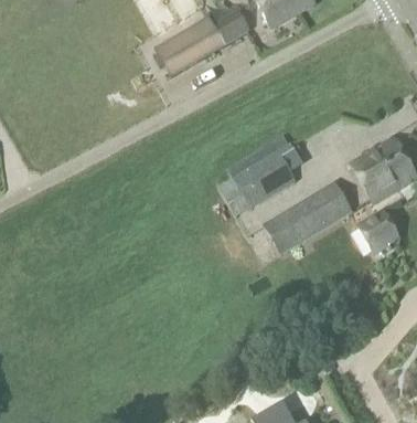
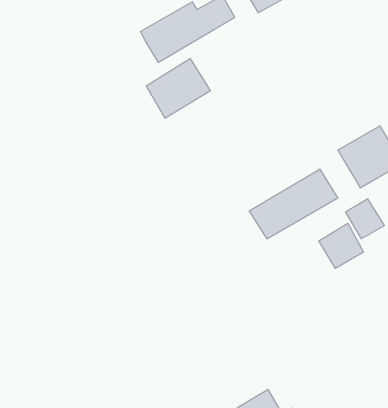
building: [232,148,296,208] -> [146,58,210,118]
building: none -> [319,223,364,268]

